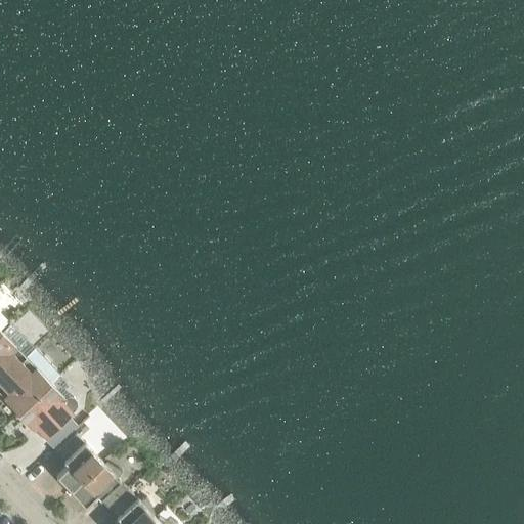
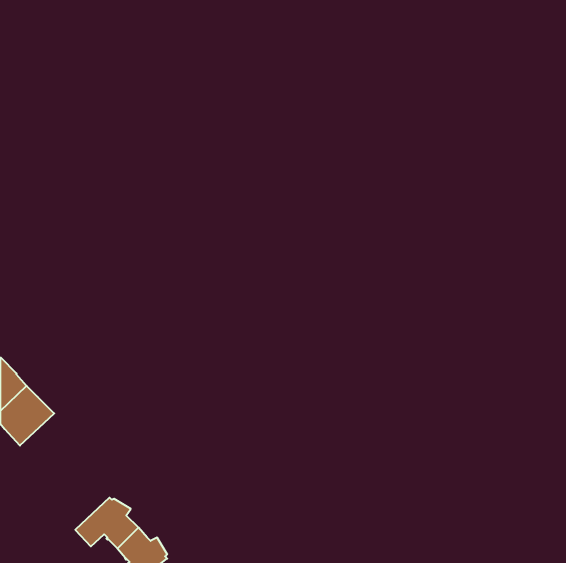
building: [18,385,77,441] -> none
building: [55,435,101,492] -> none

